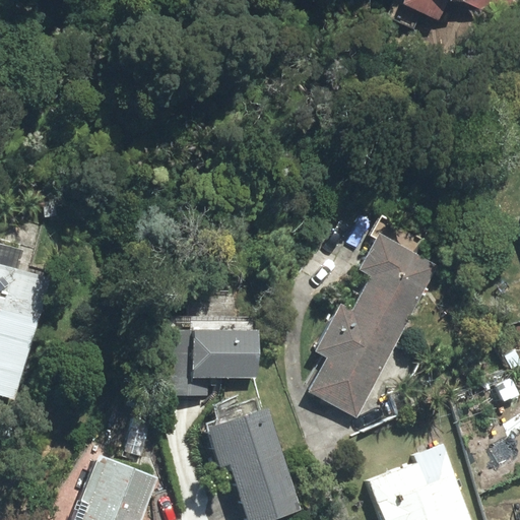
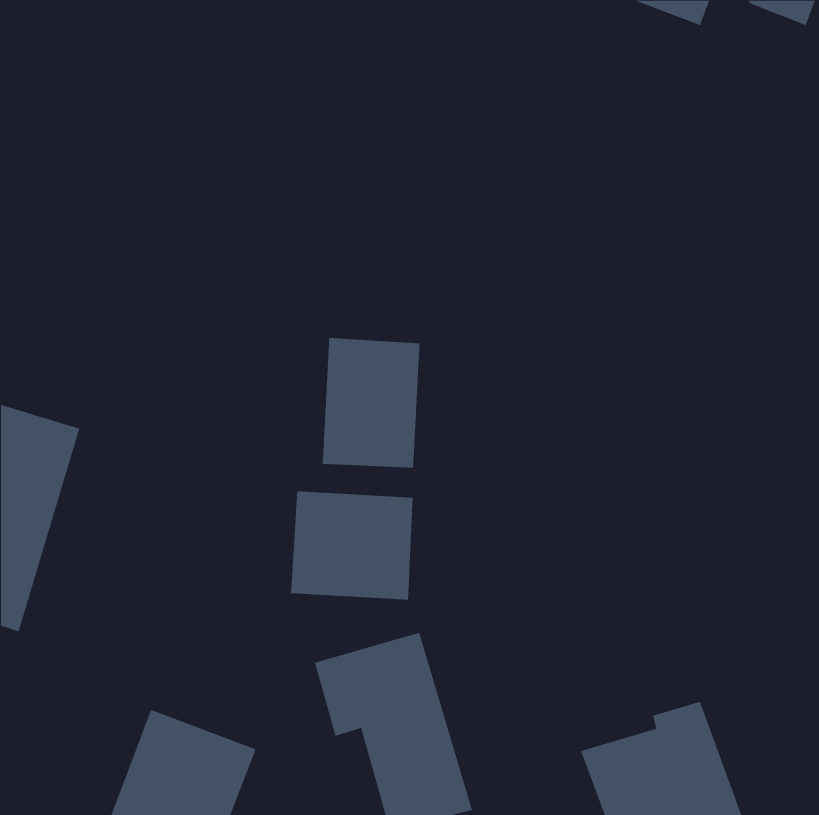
building: none -> [322,337,420,469]
building: [306,231,441,420] -> none

